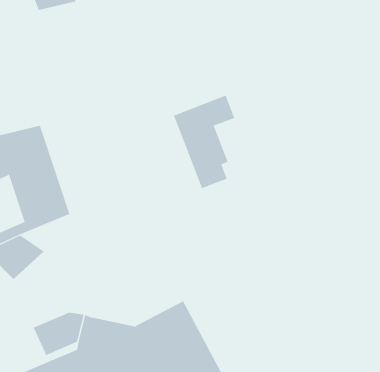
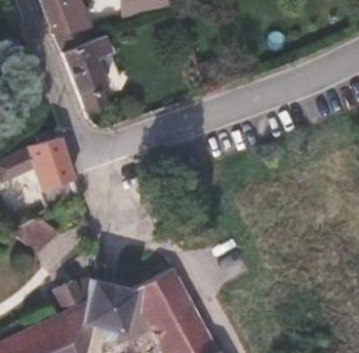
building: [173,95,235,189] -> [64,35,113,110]

